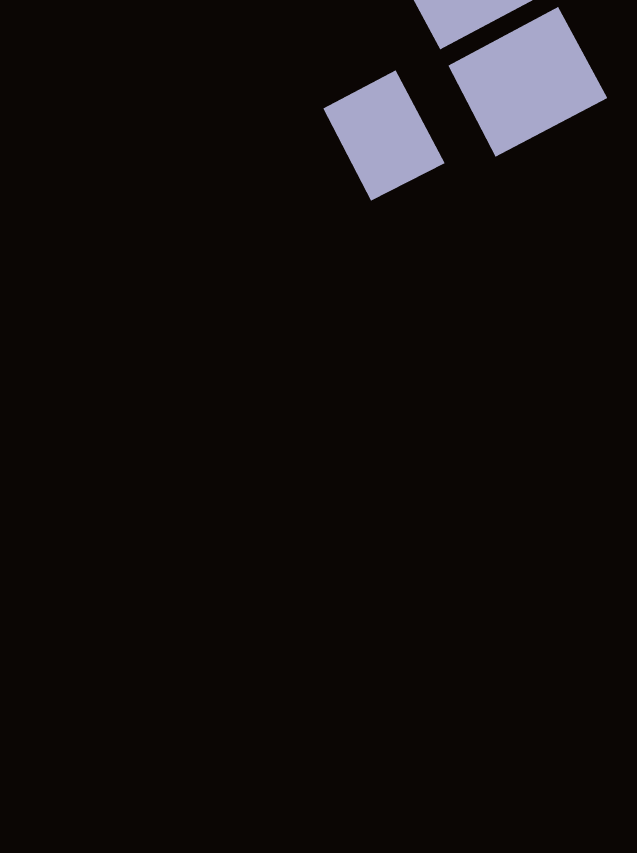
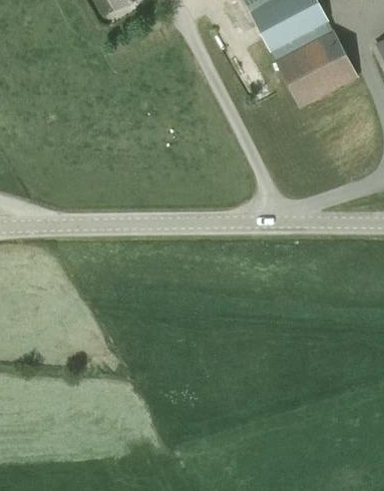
building: [323,69,445,202] -> none

